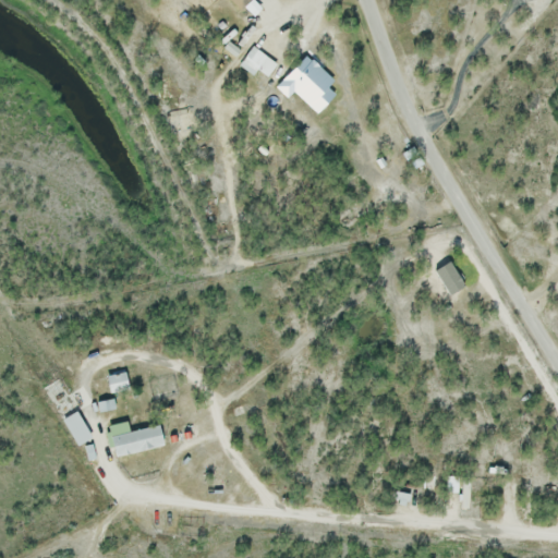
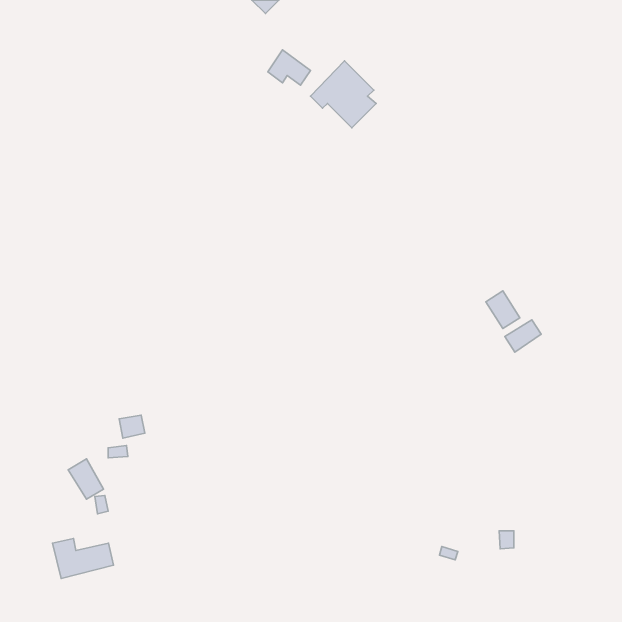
building: none -> [505,320,541,352]
building: [109,421,163,457] -> [53,538,114,579]

